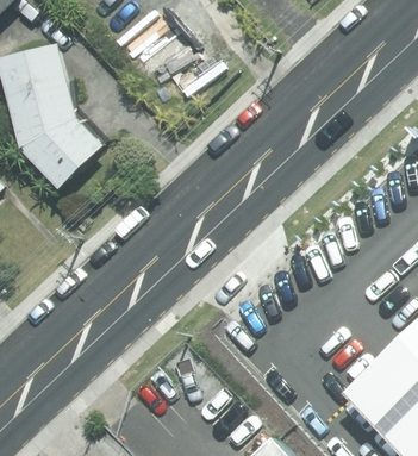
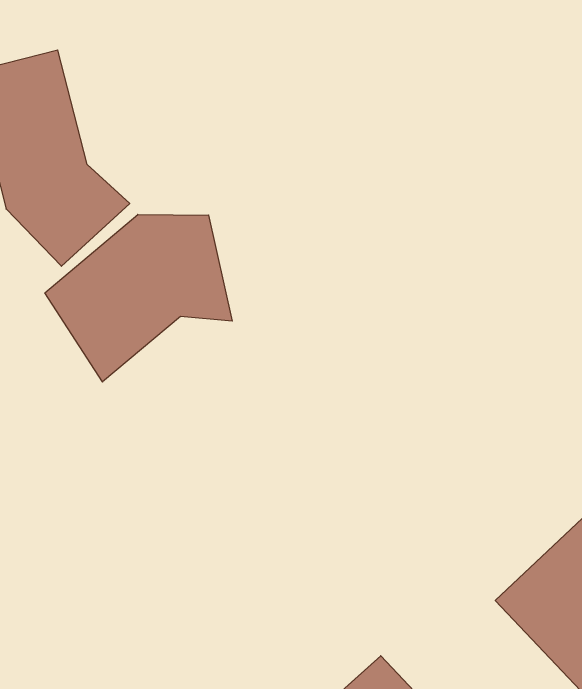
building: none -> [45,214,232,382]

